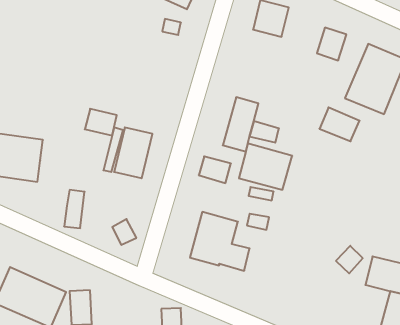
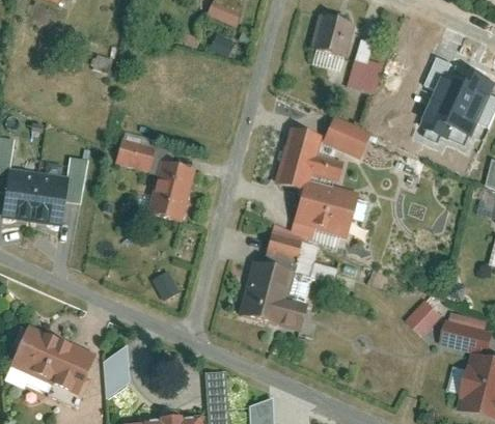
building: [317,28,346,60] -> [349,54,383,92]
building: [319,107,360,141] -> [325,117,372,157]
building: [199,156,231,183] -> [266,231,303,262]
building: [64,190,85,228] -> [64,158,88,202]

